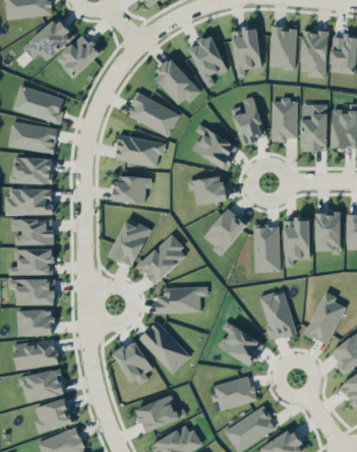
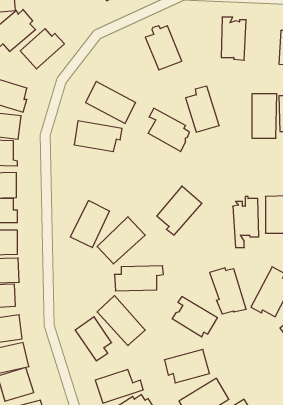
building: [232,27,262,77] -> none
building: [301,31,329,78] -> none
building: [152,55,200,103] -> none
building: [272,100,298,140] -> none
building: [186,172,228,203] -> none
building: [115,176,152,203] -> none
building: [254,226,281,273] -> none

